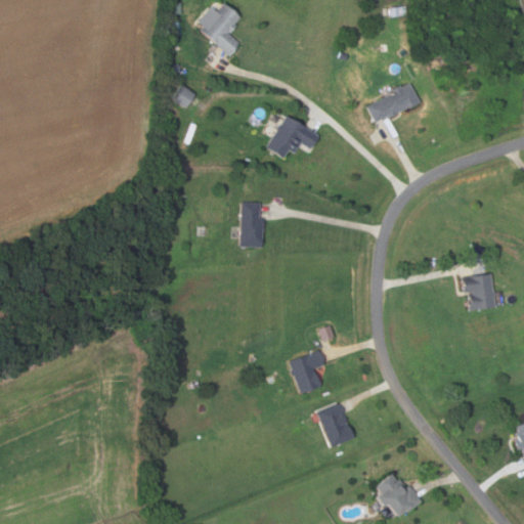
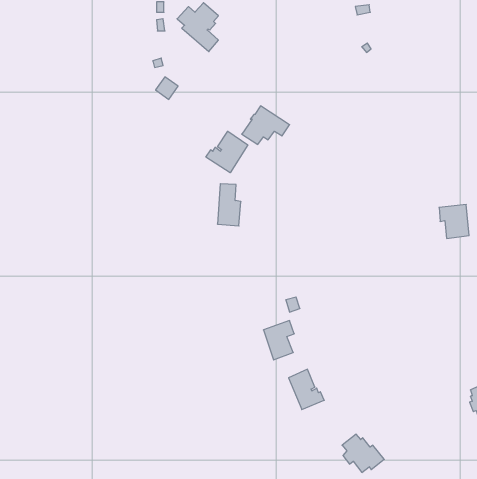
building: [365,83,419,122] -> none
building: none -> [206,131,248,173]
building: [463,273,495,310] -> [439,205,469,238]

